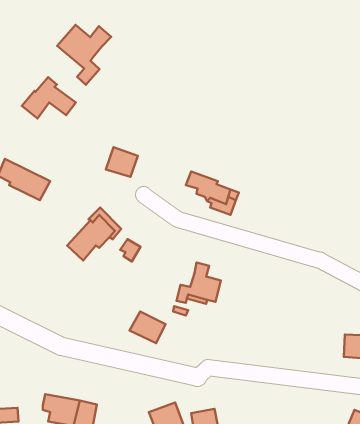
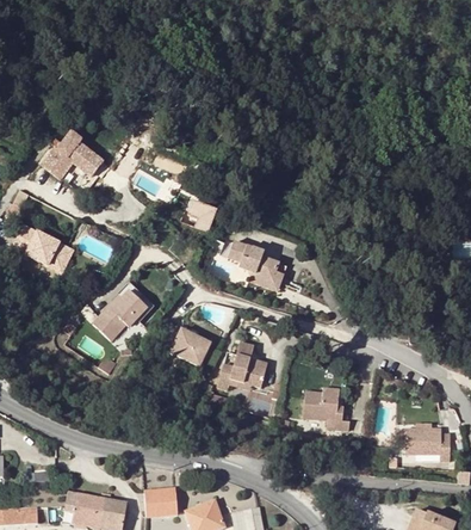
building: [57,25,111,85] -> none
building: [106,147,138,177] -> [182,196,218,229]
building: none -> [304,389,349,427]
building: [130,311,166,343] -> [168,328,209,364]
building: none -> [144,487,176,516]

